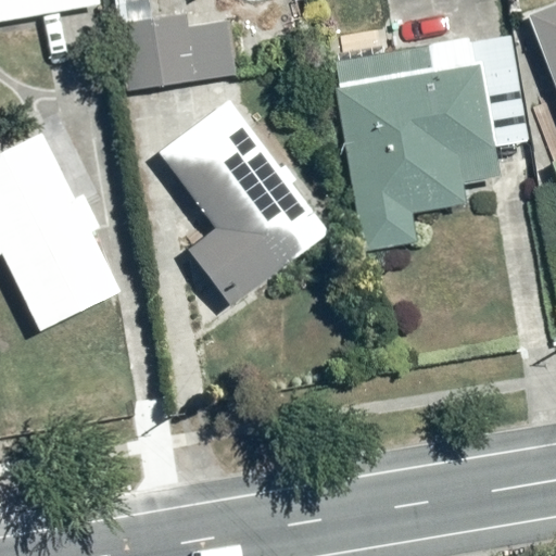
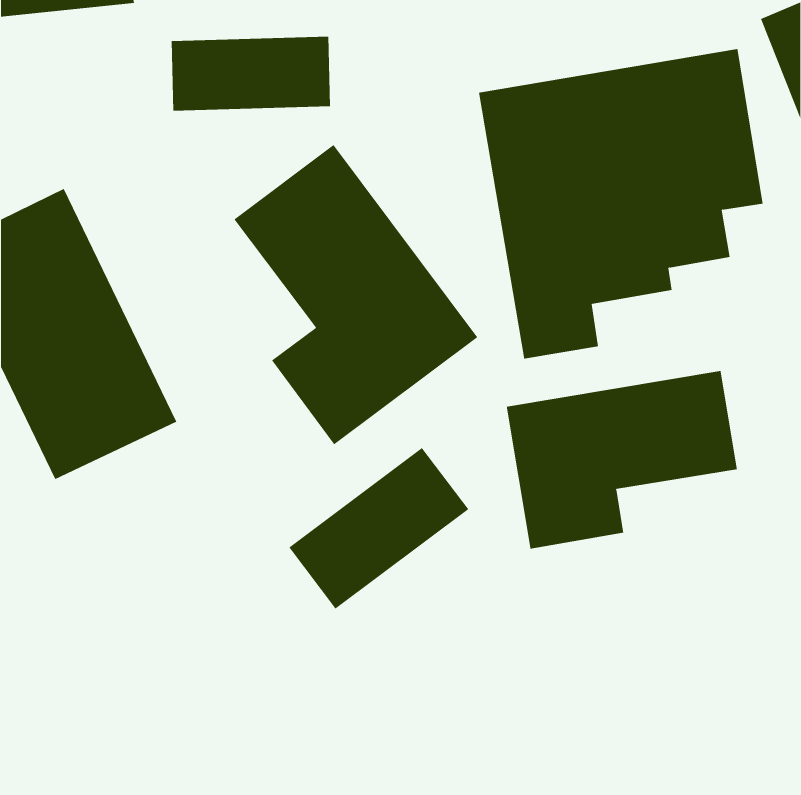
building: none -> [506,370,737,549]
building: none -> [288,447,469,609]

